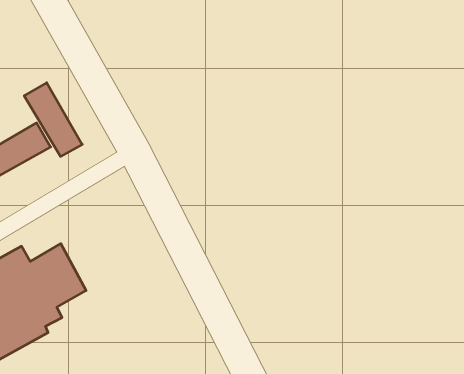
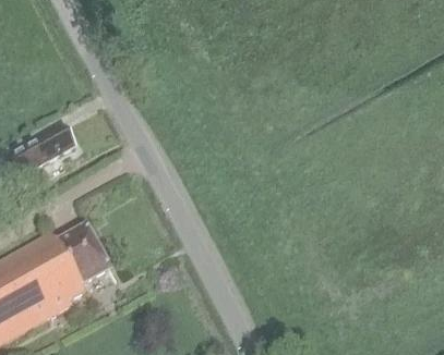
building: [24,83,82,156] -> none

